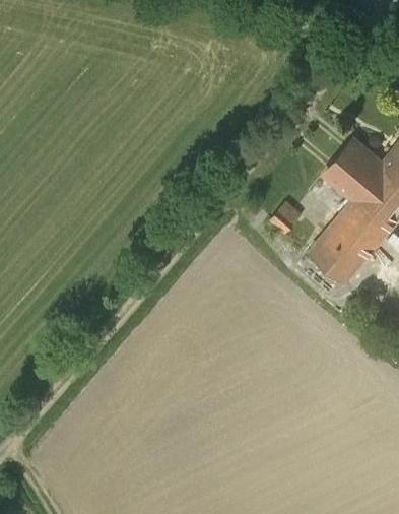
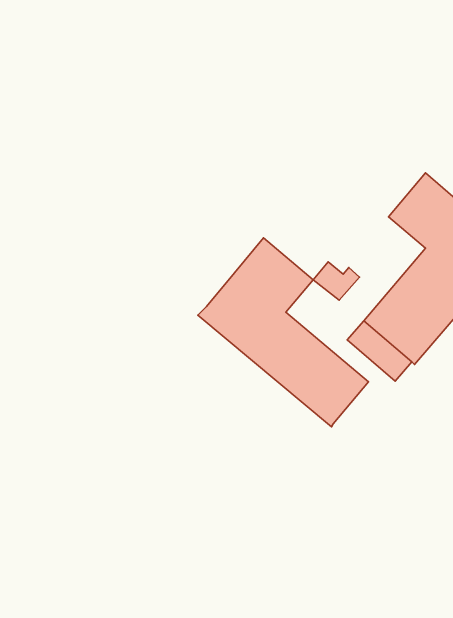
building: none -> [198,238,368,427]

